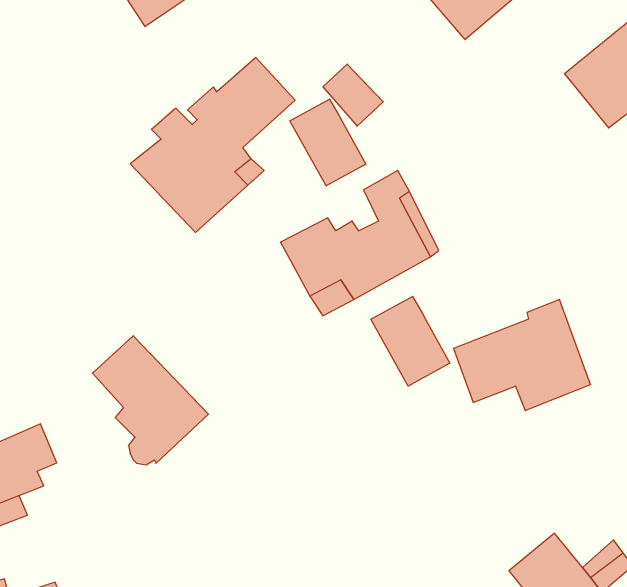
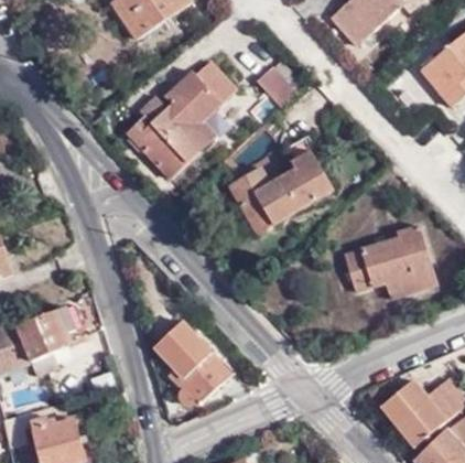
building: [290,99,366,186] -> none
building: [371,296,450,386] -> none
building: [92,336,208,465] -> [155,320,234,407]

